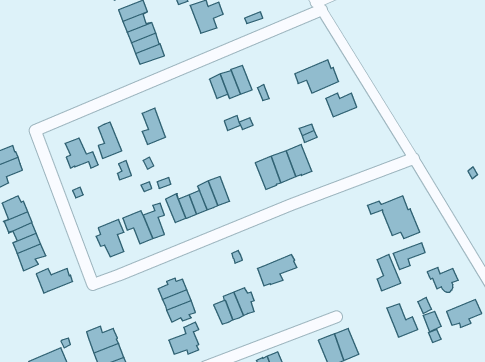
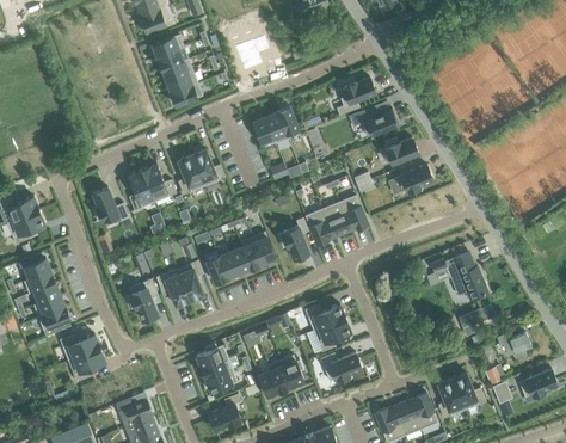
building: none -> [337,76,375,115]
building: none -> [192,149,226,186]
building: none -> [142,164,177,202]
building: none -> [394,165,432,195]
building: none -> [278,217,309,259]
building: none -> [304,303,345,331]
building: [377,254,401,291] -> [438,377,465,418]
building: none -> [73,347,105,381]
building: none -> [320,352,362,383]
building: none -> [408,393,438,429]

